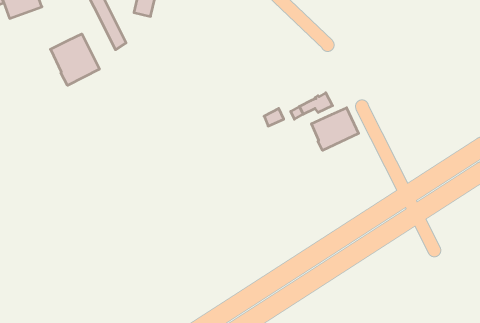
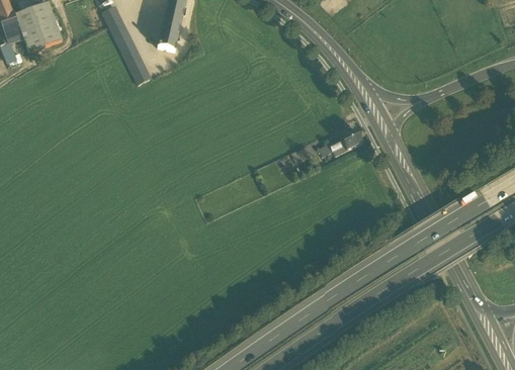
building: [50,34,99,85] -> none
building: [311,108,359,150] -> none

